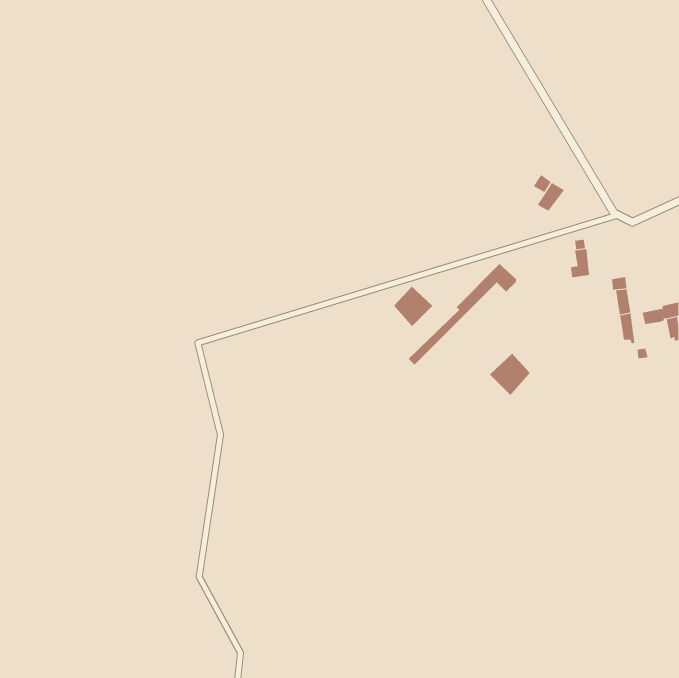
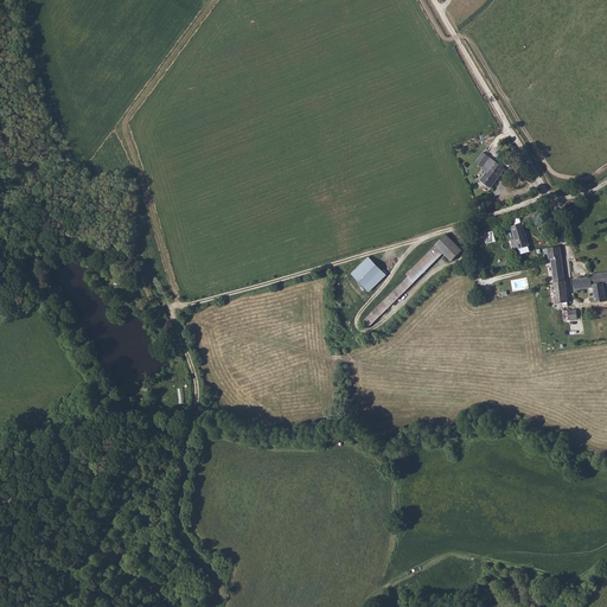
building: [489,353,531,396] -> none

